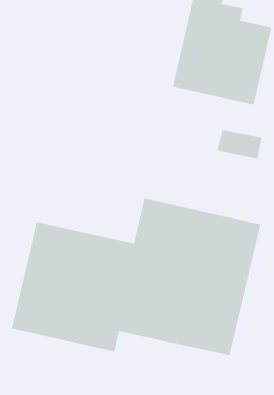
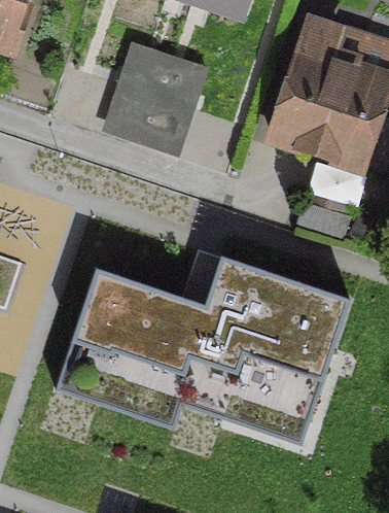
building: none -> [117,39,220,151]

